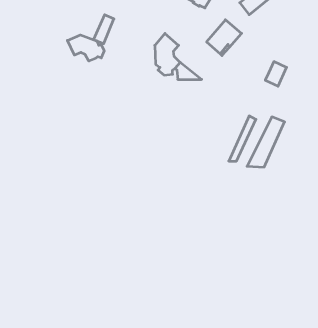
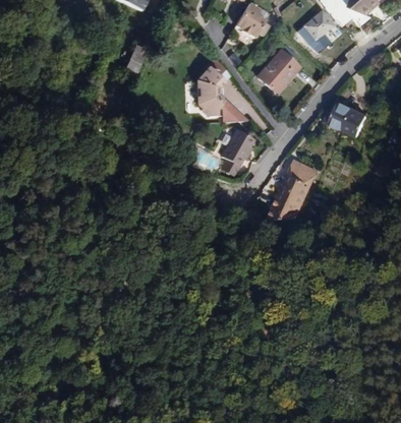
building: [67,35,104,61] -> none
building: none -> [344,108,368,136]
building: none -> [222,130,254,167]
building: [247,117,285,167] -> [265,160,309,220]

